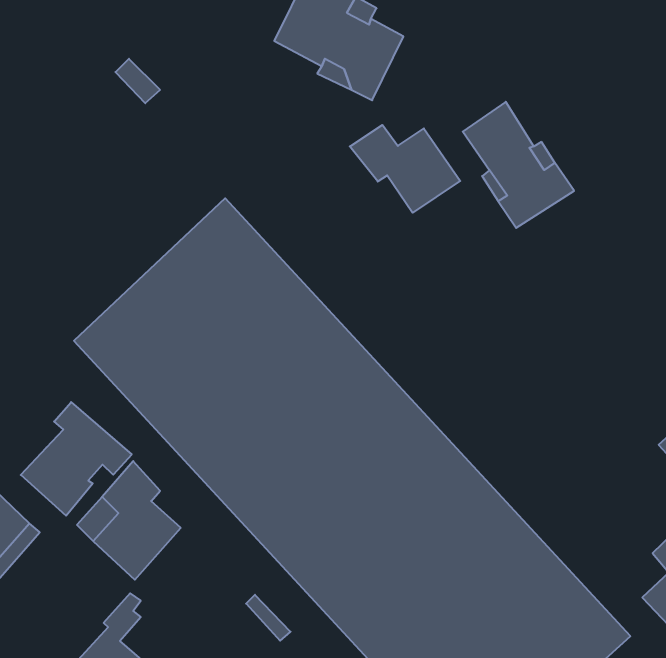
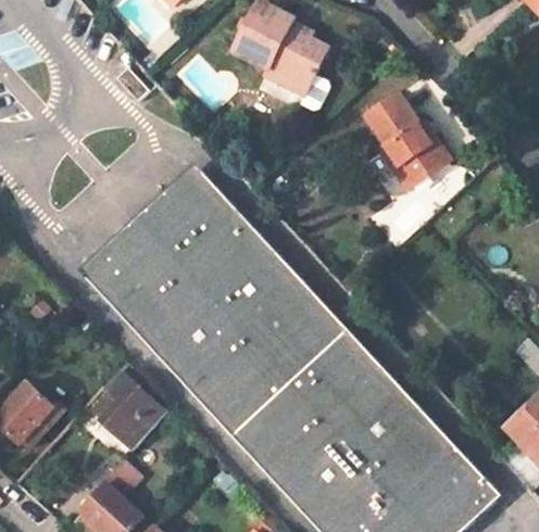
building: [350,125,460,213] -> none
building: [21,402,132,516] -> none

